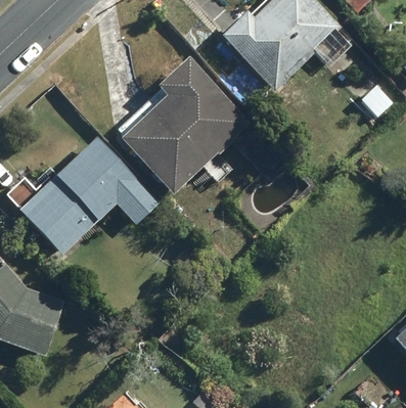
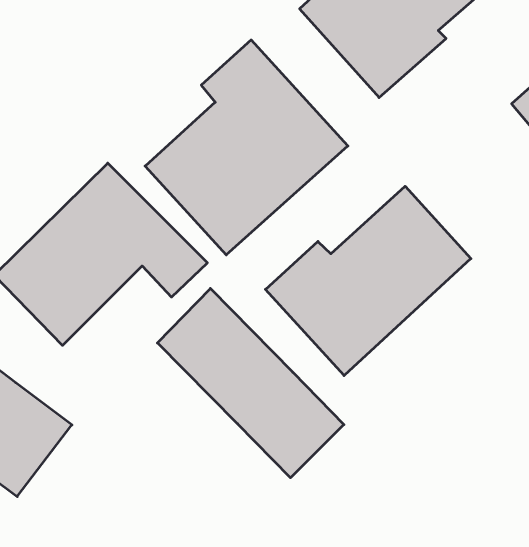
building: none -> [265,186,471,376]
building: none -> [157,288,344,478]

